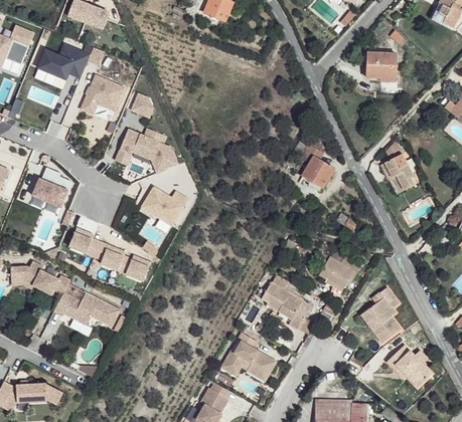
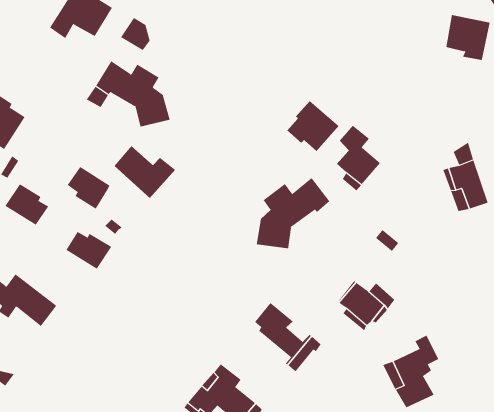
building: none -> [286,100,339,152]
building: none -> [256,177,330,249]
building: [94,240,125,269] -> [67,166,110,210]

